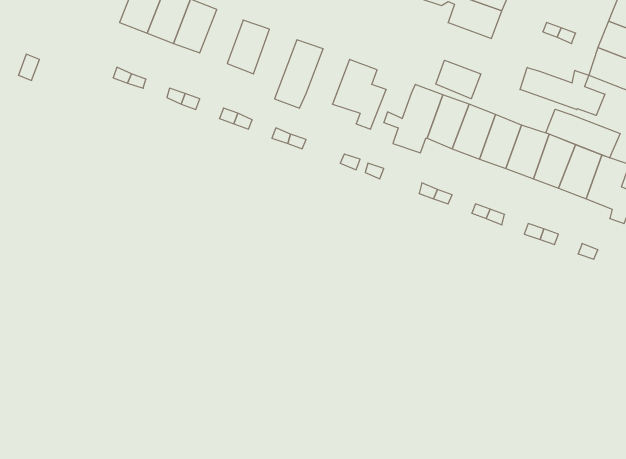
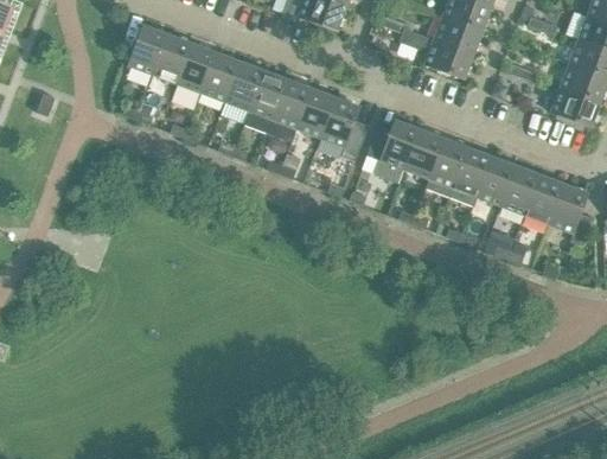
building: none -> [200,51,239,100]
building: none -> [243,69,288,132]
building: none -> [296,87,336,136]
building: [436,60,481,99] -> none
building: [520,67,605,115] -> none
building: [546,109,620,158] -> none

